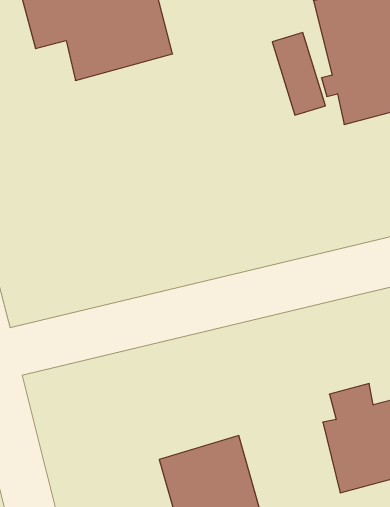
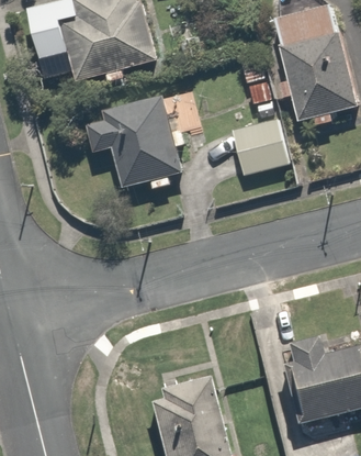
building: none -> [89,90,192,187]
building: none -> [230,119,290,176]

